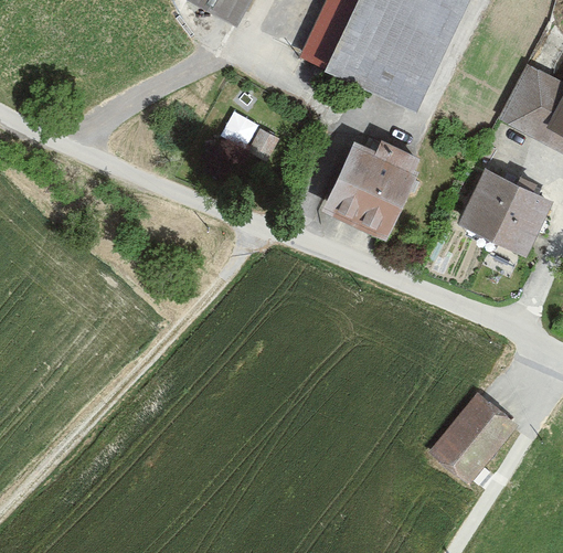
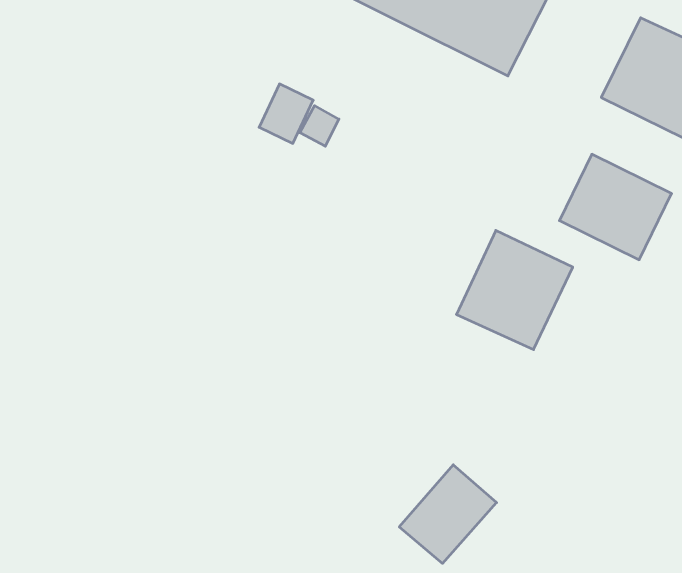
building: [326,138,421,235] -> [456,230,573,350]
building: [428,397,508,478] -> [399,465,497,563]

